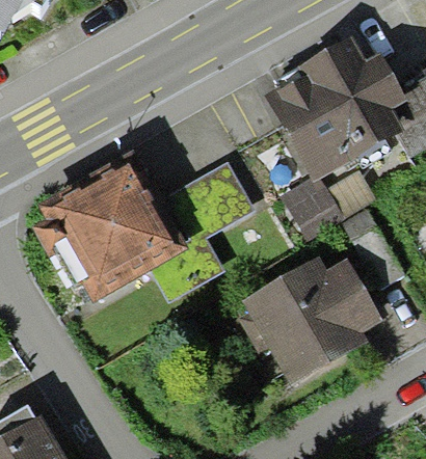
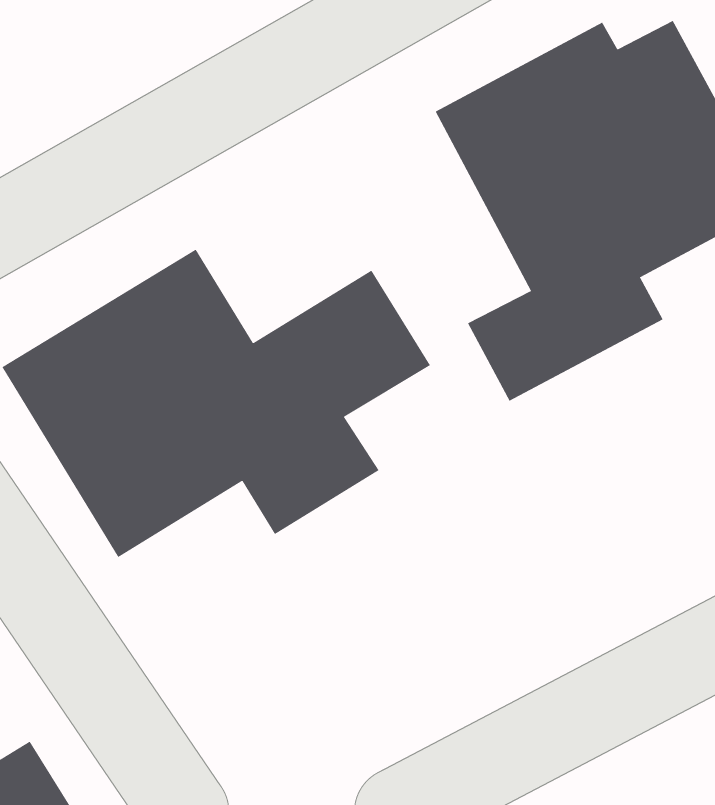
building: [237,252,382,386] -> none

